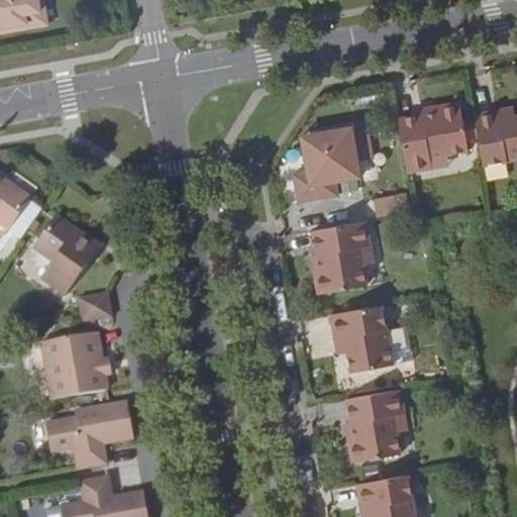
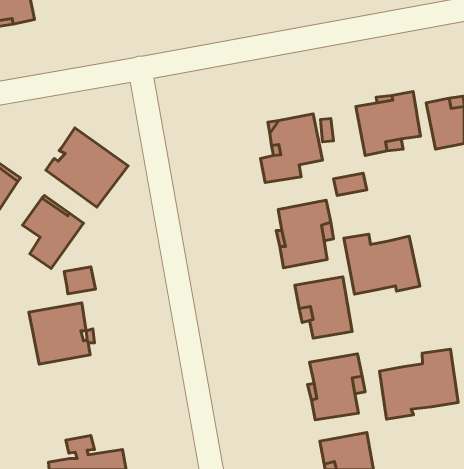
building: none -> [46,128,128,207]
building: none -> [344,234,420,294]
building: none -> [379,349,458,419]
building: [46,402,133,470] -> none

